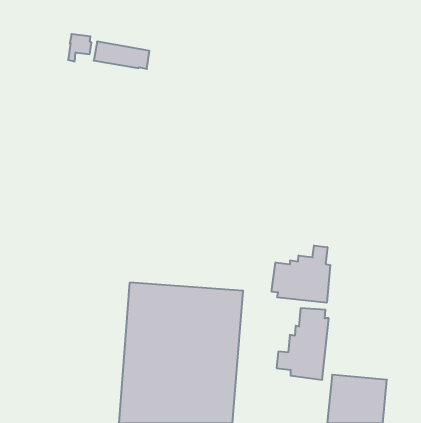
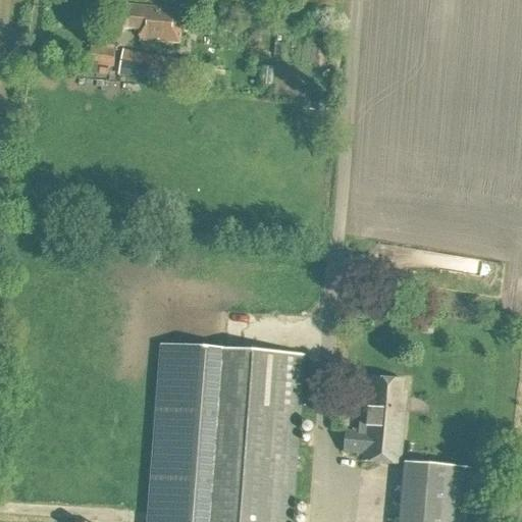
building: none -> [114,4,178,43]
building: [272,245,330,303] -> none

